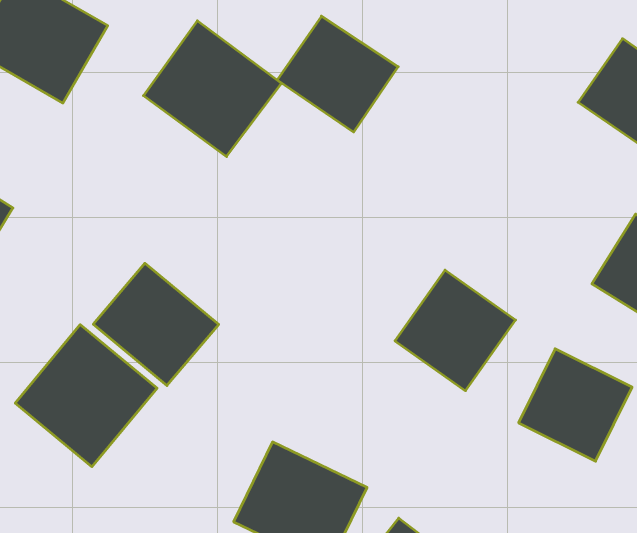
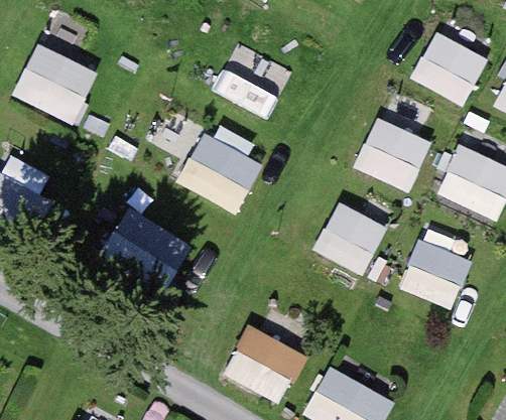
building: [143,21,282,157] -> [176,129,265,215]
building: none -> [354,115,432,191]
building: [15,325,157,467] -> none

